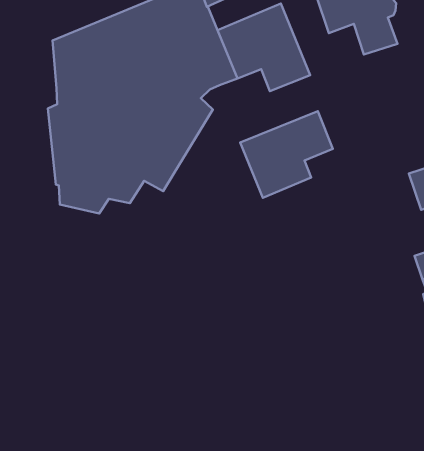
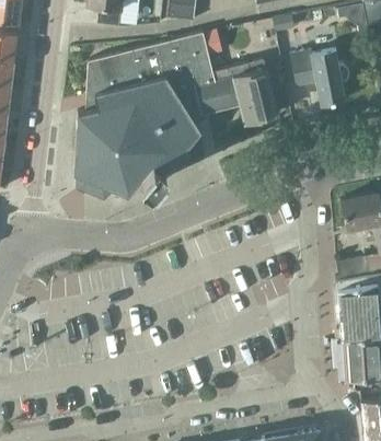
building: [240,111,333,198] -> none

